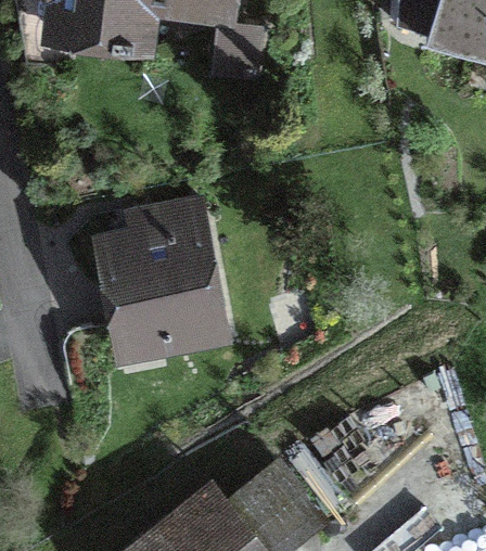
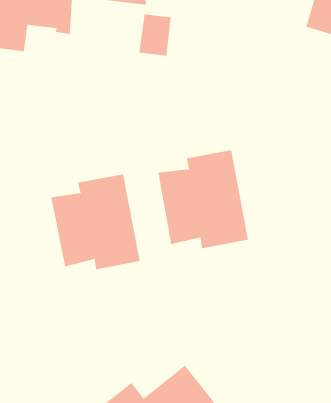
building: none -> [158,150,249,249]

